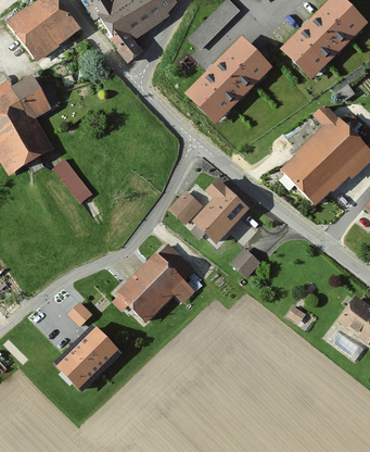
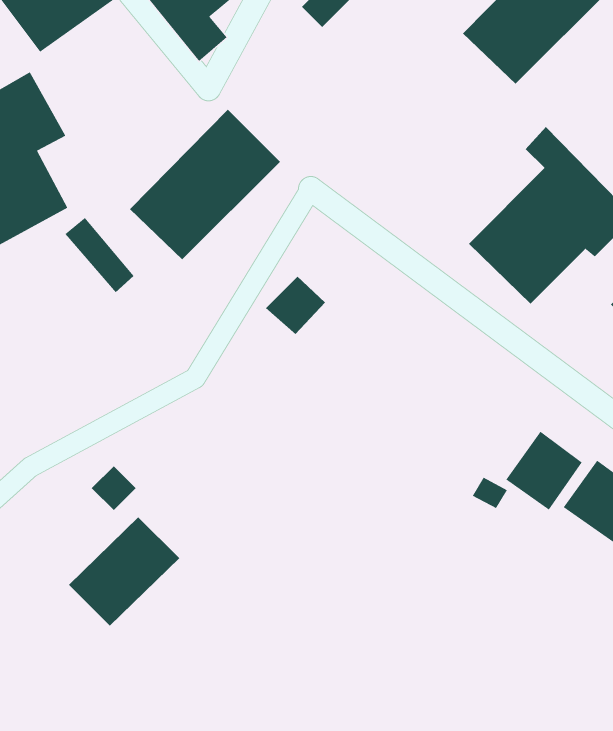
building: [183,37,270,124] -> [129,109,281,260]
building: [190,178,247,244] -> none
building: [229,247,259,277] -> none
building: [114,253,192,323] -> none
building: none -> [505,431,583,510]

